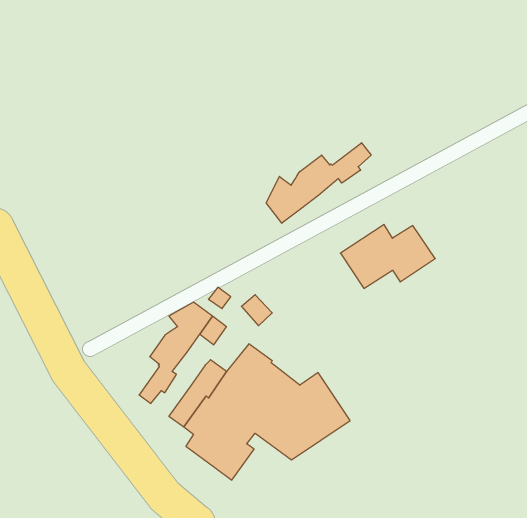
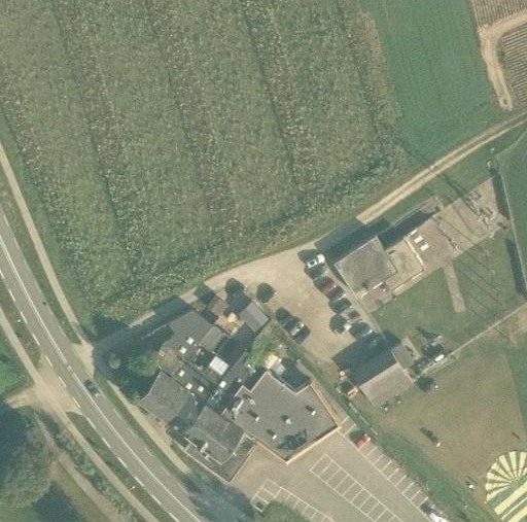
building: [266,143,371,223] -> none
building: none -> [351,342,413,407]
building: none -> [149,358,202,420]

